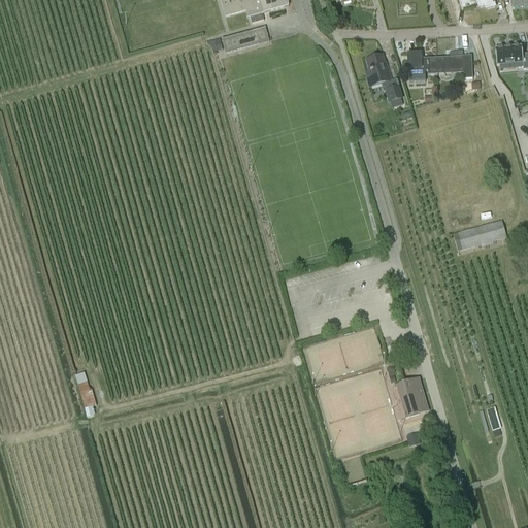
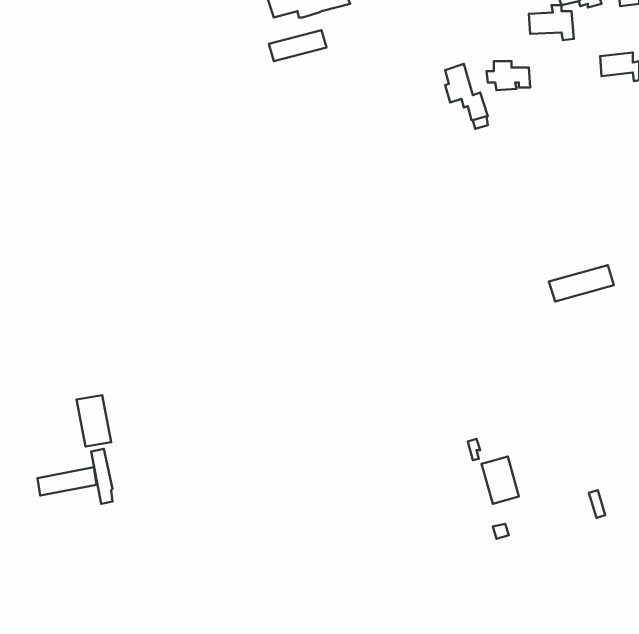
building: [436,48,473,77] -> [529,5,574,40]
building: none -> [77,395,111,447]
building: none -> [38,467,97,495]

